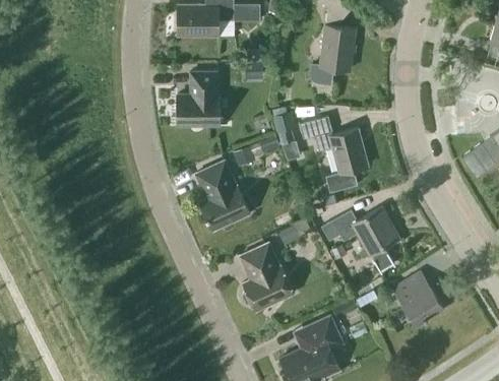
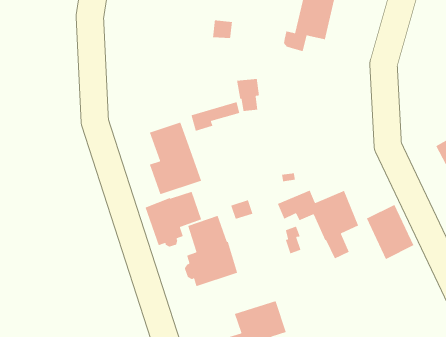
building: [177,72,219,125] -> none
building: [300,116,368,192] -> none
building: none -> [144,191,202,248]
building: [394,272,442,325] -> [366,204,415,260]

